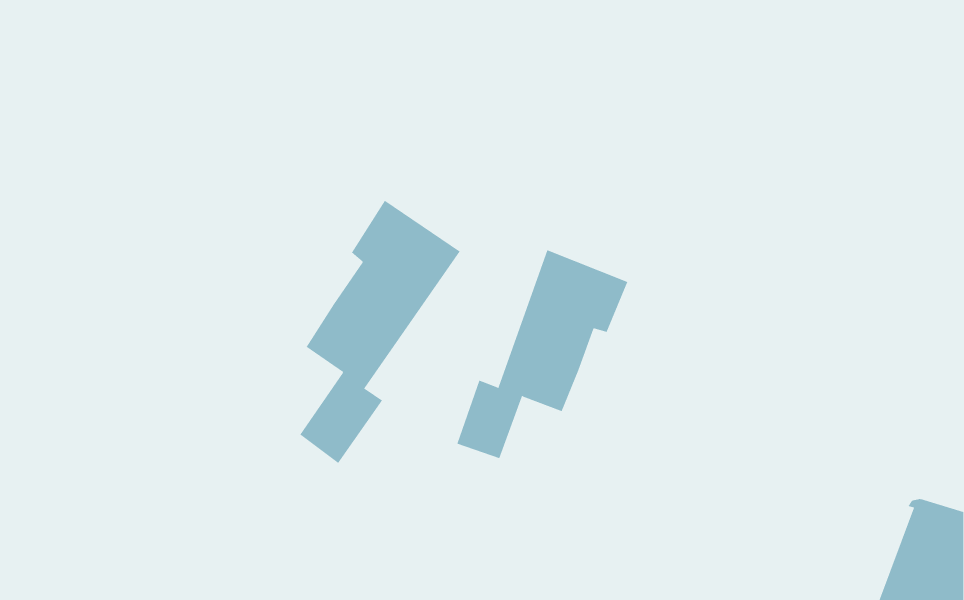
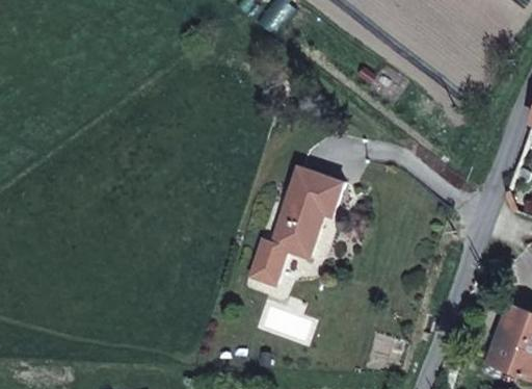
building: [300,200,461,464] -> none

